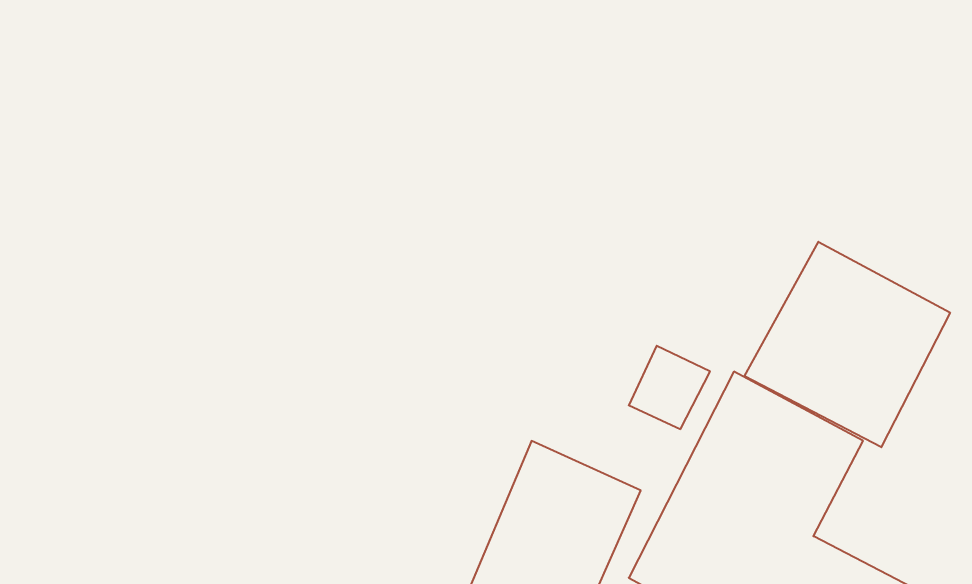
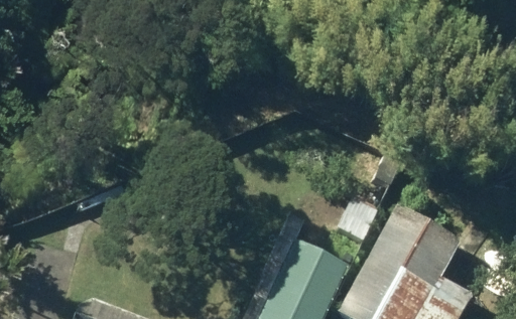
building: [745,242,950,447] -> none

